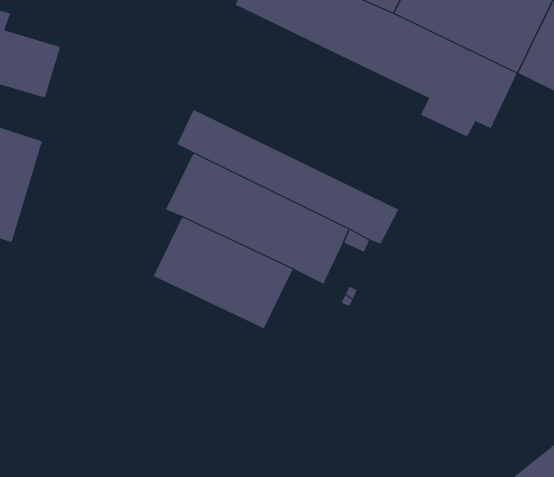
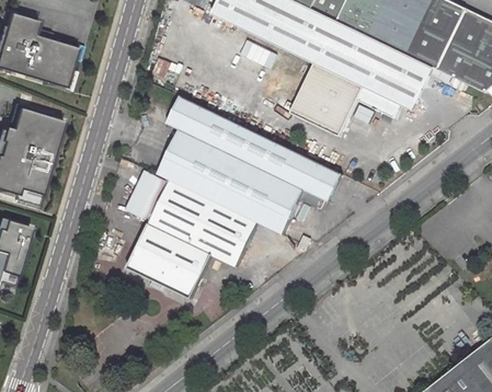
building: none -> [291,61,366,134]
building: none -> [133,176,165,221]
building: none -> [128,227,211,299]

